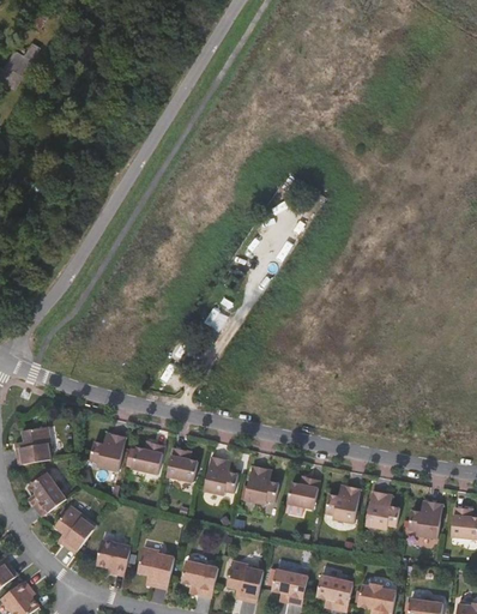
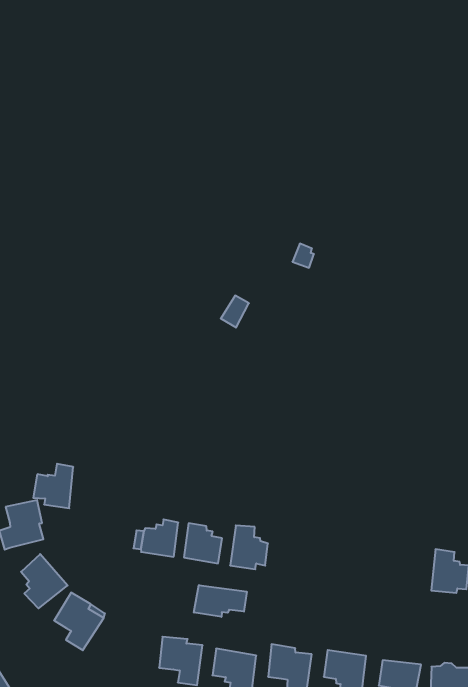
building: [90,434,125,471] -> [33,464,73,508]
building: [243,466,277,505] -> none
building: [285,482,318,513] -> none
building: [325,486,360,522] -> none
building: none -> [194,585,247,617]
building: [96,538,131,573] -> none

